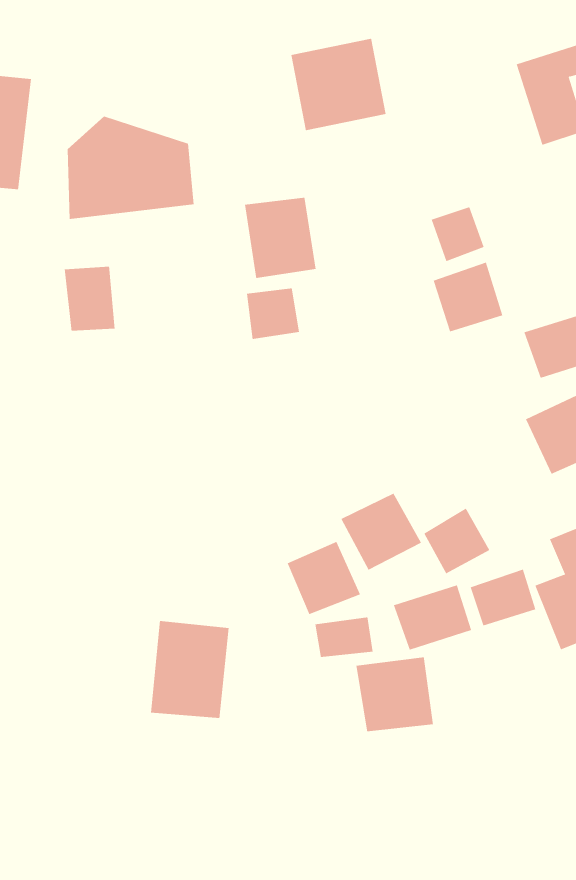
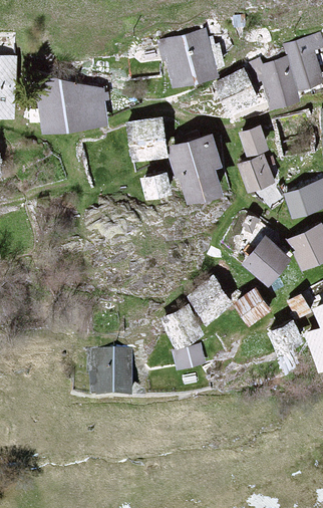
building: none -> [256,59,297,106]
building: none -> [213,66,257,110]
building: none -> [179,137,229,206]
building: [64,266,115,331] -> none
building: none -> [243,236,288,281]
building: [393,584,472,650] -> none
building: [356,657,433,732] -> none

